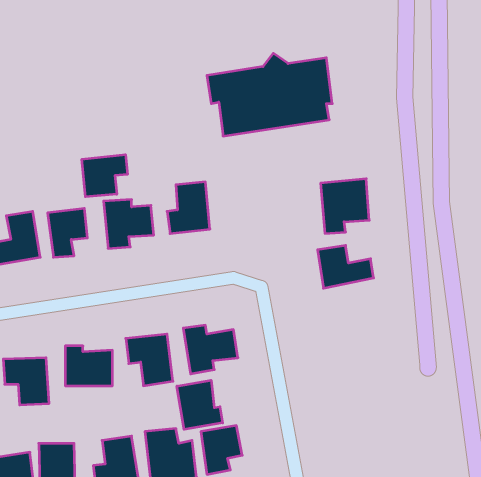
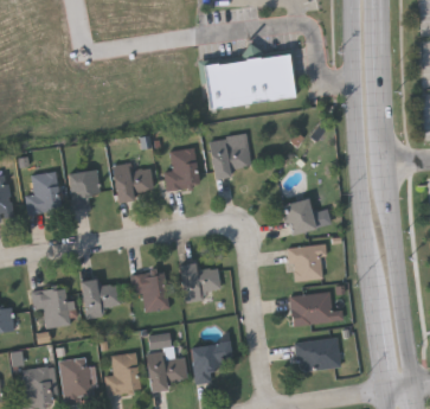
building: [82,155,127,197] -> none
building: [321,179,369,233] -> [210,133,249,177]
building: none -> [287,241,326,282]
building: none -> [289,290,342,324]
building: [177,380,223,429] -> none
building: none -> [296,337,339,369]

